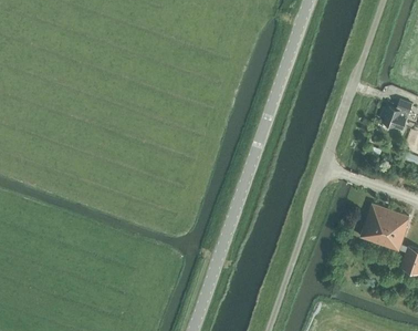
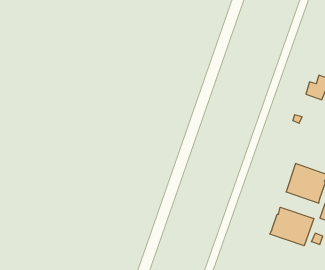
building: none -> [270,207,314,246]

